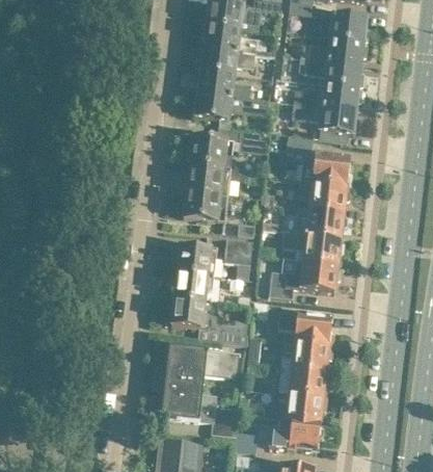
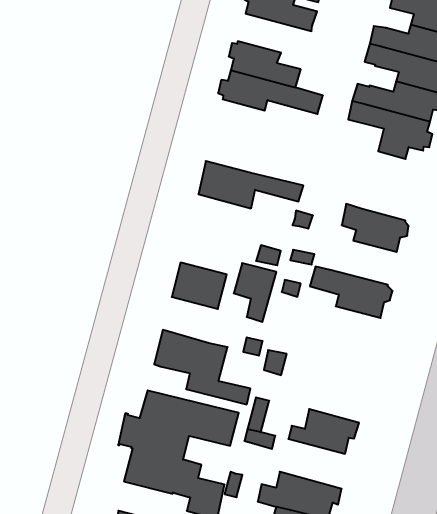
building: [197,47,255,73] -> none
building: [189,126,270,167] -> none
building: [286,139,350,187] -> none
building: [184,189,228,220] -> none
building: [295,207,348,238] -> none
building: [270,260,342,297] -> none
building: [174,270,214,301] -> none
building: [278,311,334,346] -> none
building: [278,366,329,398] -> none

